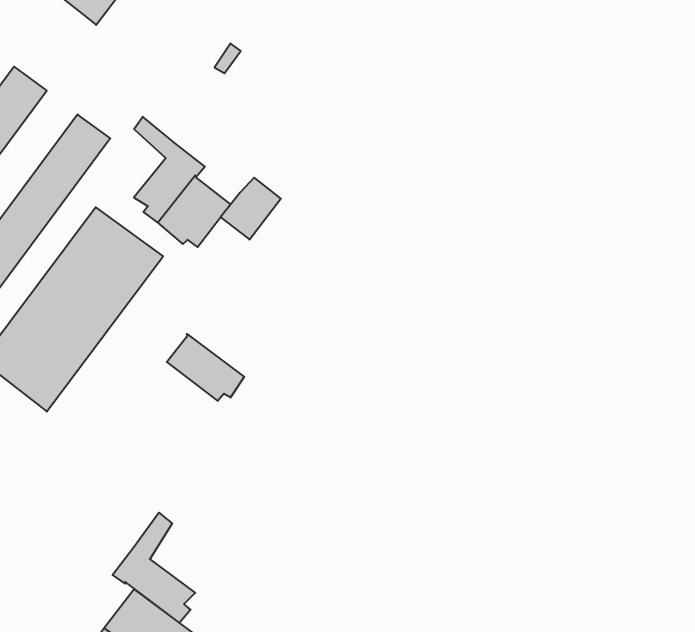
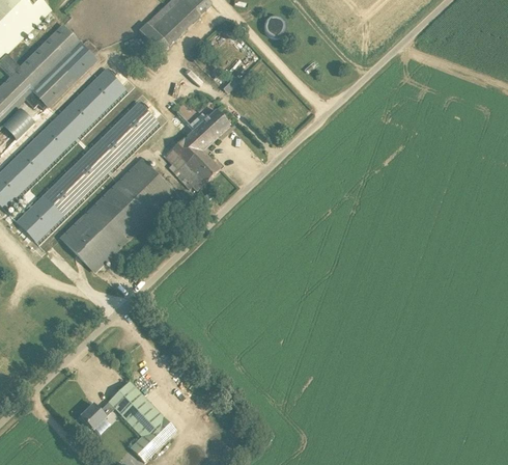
building: [221,178,281,240] -> [194,108,230,143]
building: [167,334,244,401] -> none
building: [113,513,195,623] -> none

